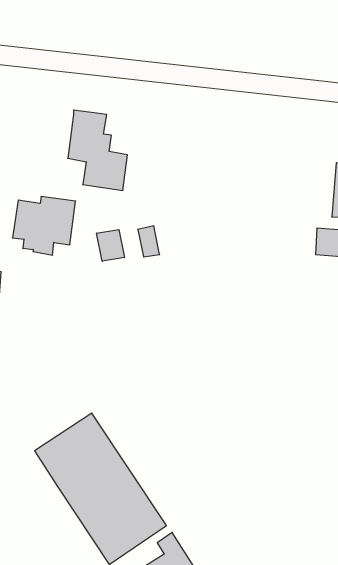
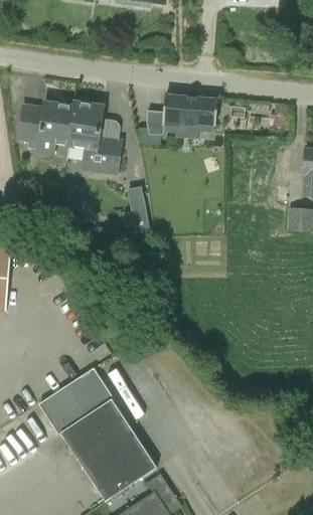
building: none -> [147,96,217,135]
building: [12,197,76,255] -> [19,103,74,154]
building: [97,230,124,261] -> none

